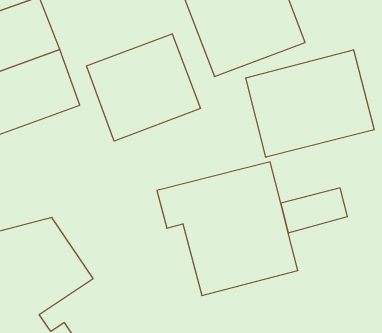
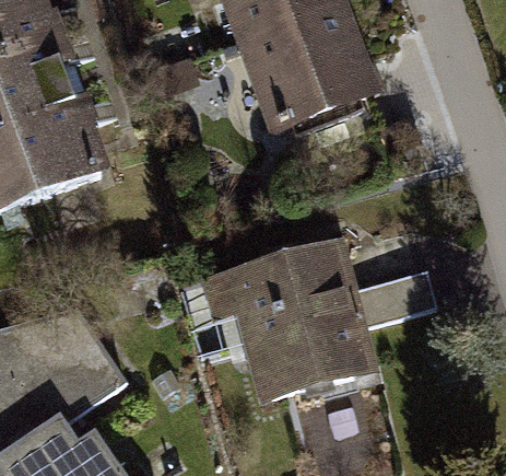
building: [86,34,201,141] -> none
building: [246,50,374,157] -> none

